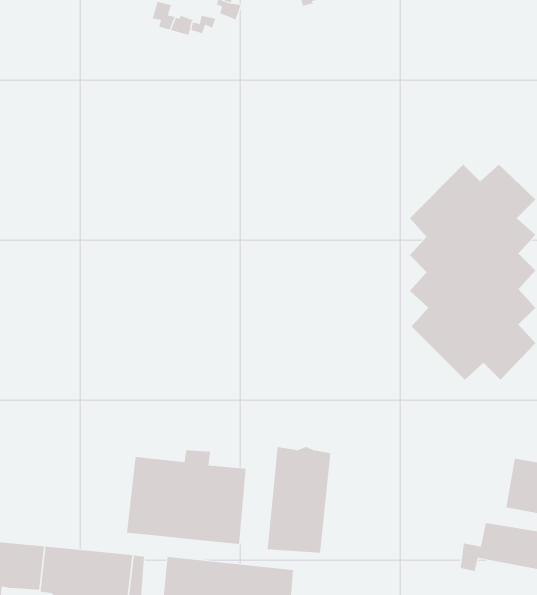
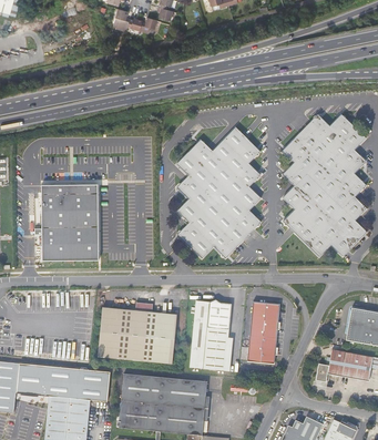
building: none -> [176,126,260,257]
building: none -> [38,181,96,255]
building: none -> [247,300,278,362]

